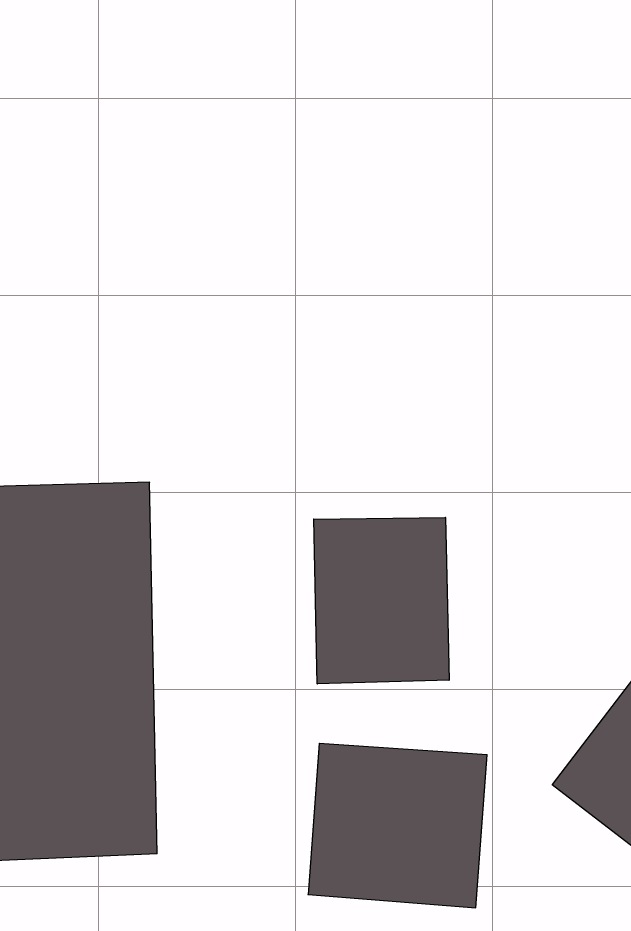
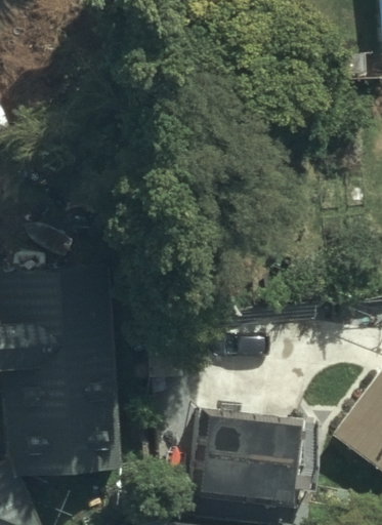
building: [314,517,449,684] -> none

